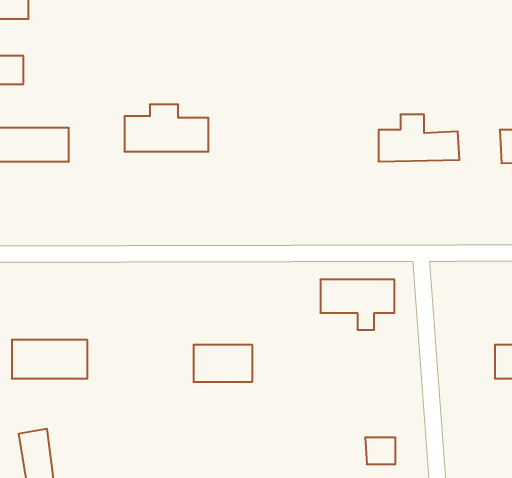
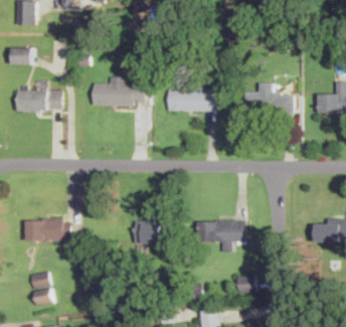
building: none -> [167,88,214,111]
building: [320,279,394,330] -> [198,220,242,251]

